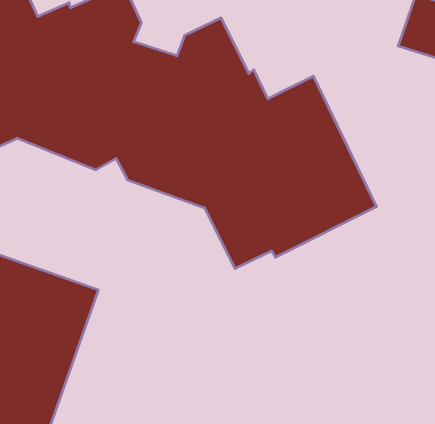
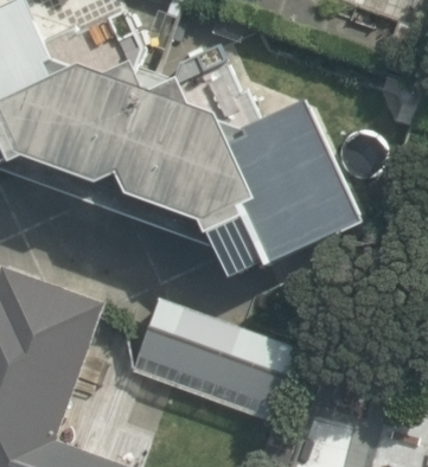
building: none -> [132,295,301,410]

